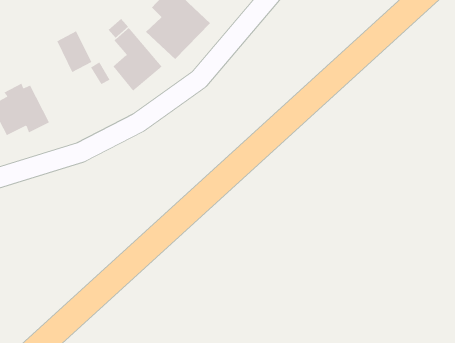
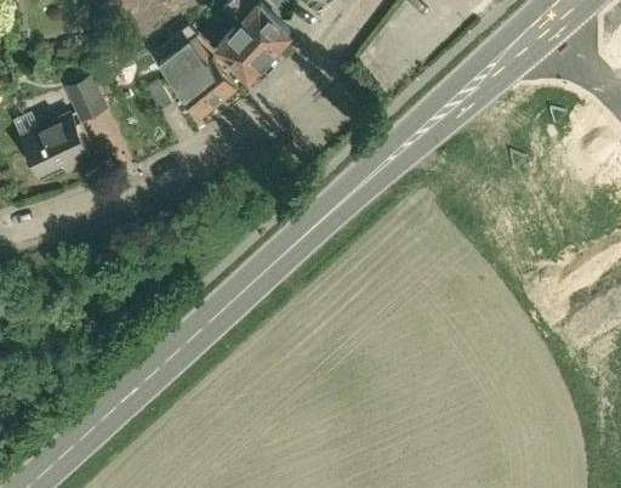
building: [56,30,92,73] -> [58,68,103,121]

